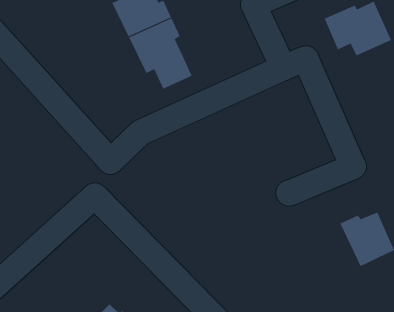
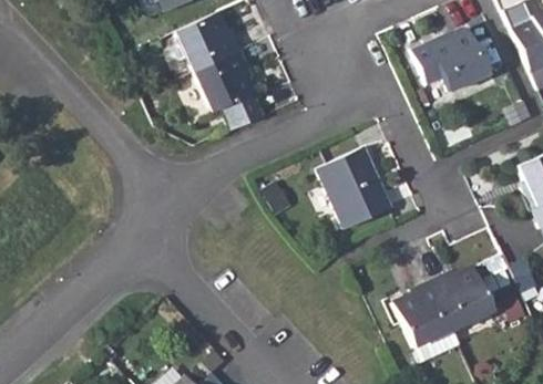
building: none -> [318,145,391,228]
building: none -> [395,279,461,362]

